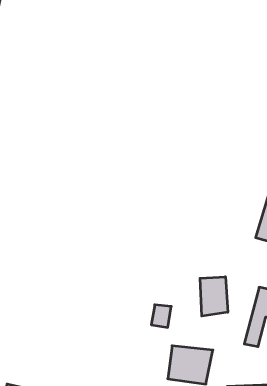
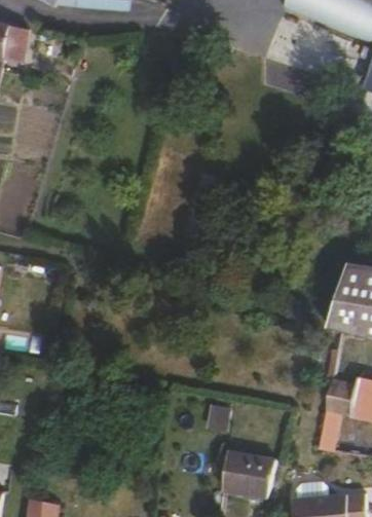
building: [200,277,228,316] -> none

